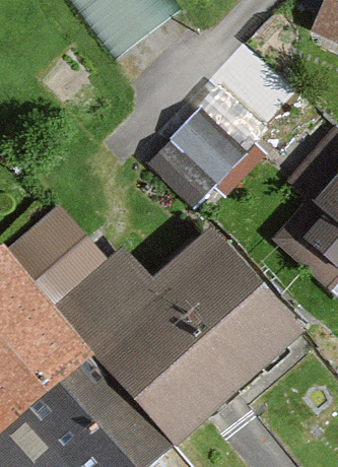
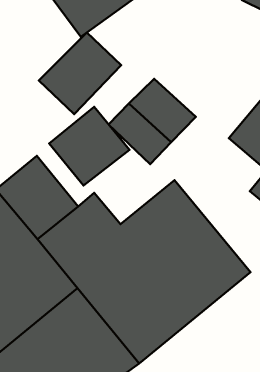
building: none -> [39,32,121,114]
building: none -> [49,107,129,186]

